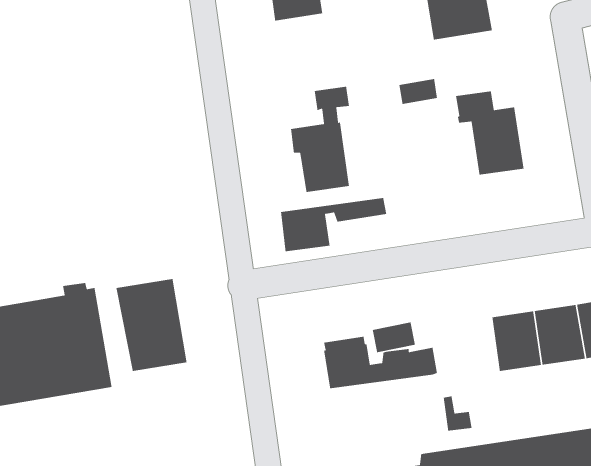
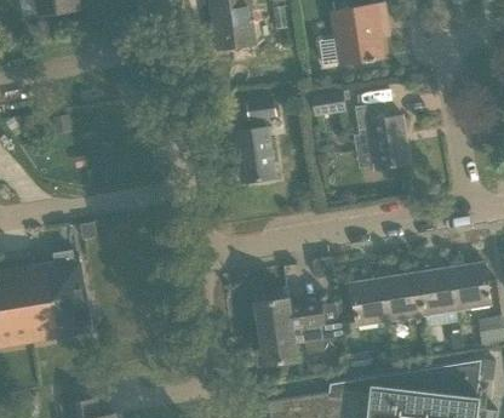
building: [280,197,387,252] -> [259,322,342,365]
building: [116,278,188,372] -> none
building: none -> [350,277,390,325]

